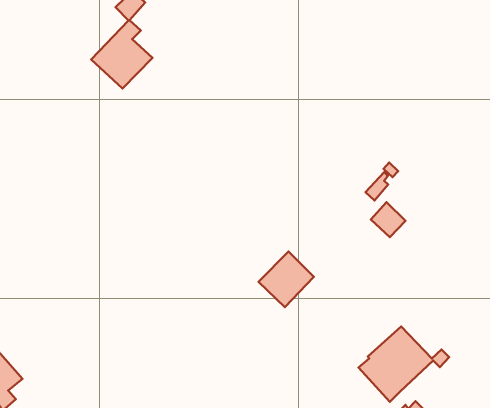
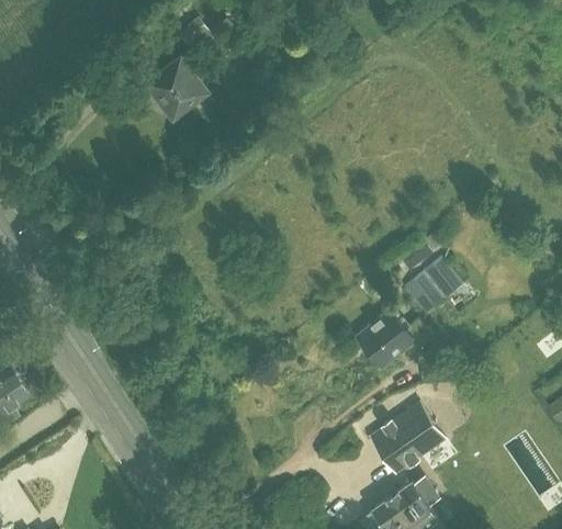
building: none -> [424,260,458,296]
building: [258,251,314,307] -> [357,312,414,368]

